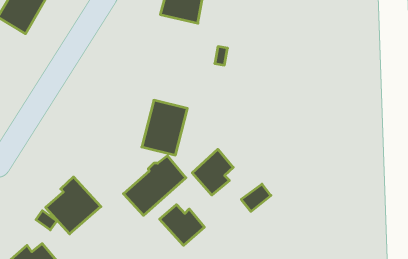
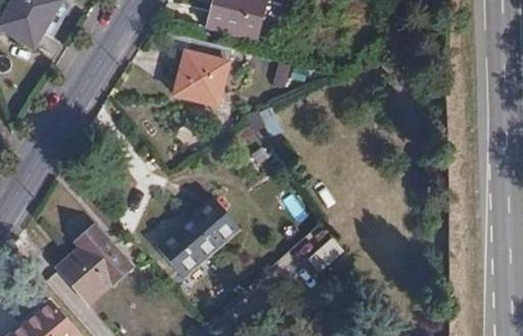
building: [142,100,187,155] -> [174,36,232,105]
building: [192,149,233,195] -> none
building: [160,205,204,245] -> none

